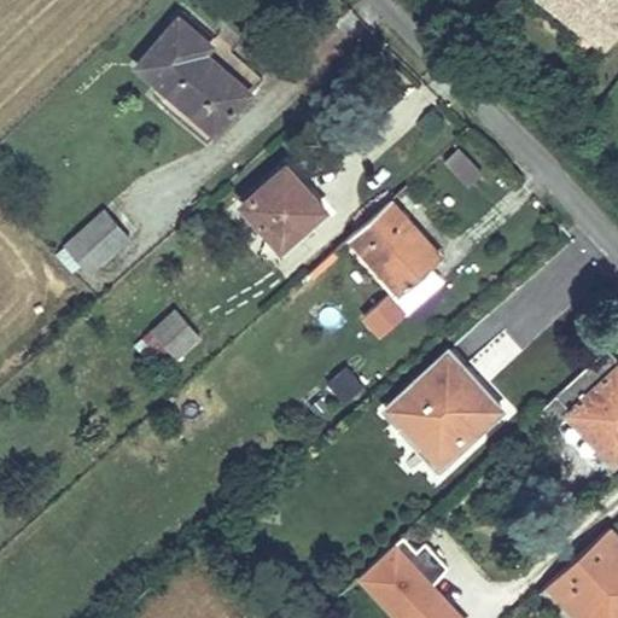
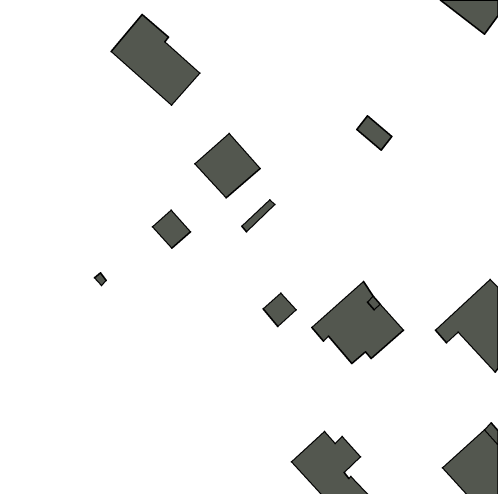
building: [349,205,443,340] -> none
building: [76,215,126,264] -> none
building: [152,314,199,361] -> [153,210,191,248]

